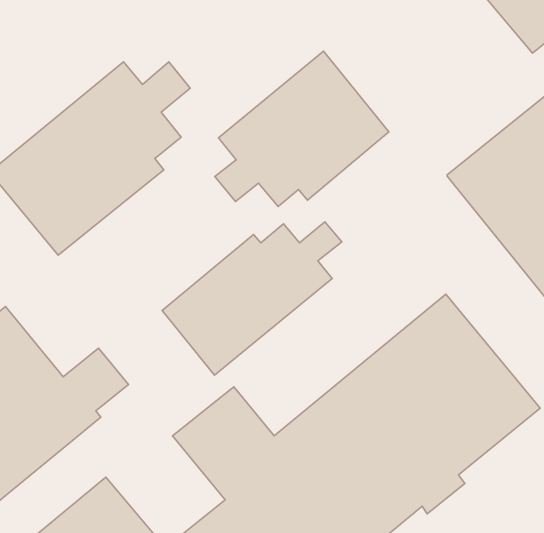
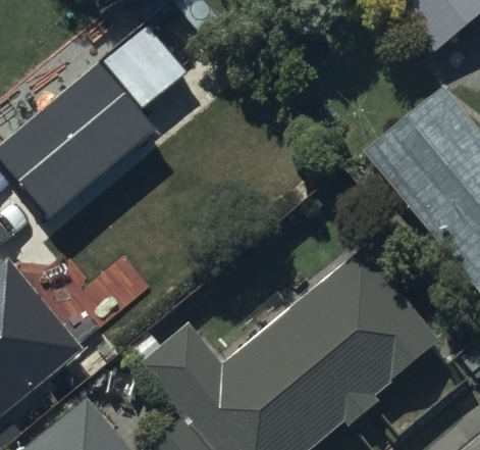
building: [215,51,389,207] -> none
building: [162,222,342,375] -> none

